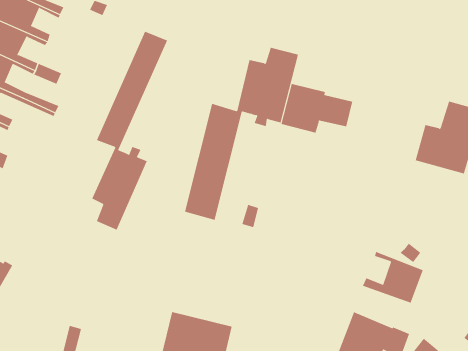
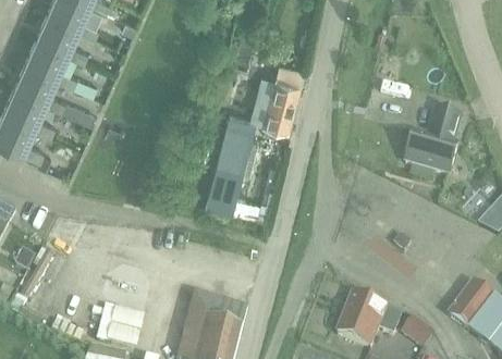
building: [91,31,168,230] -> none
building: [281,83,353,133] -> none
building: [362,251,423,304] -> none

